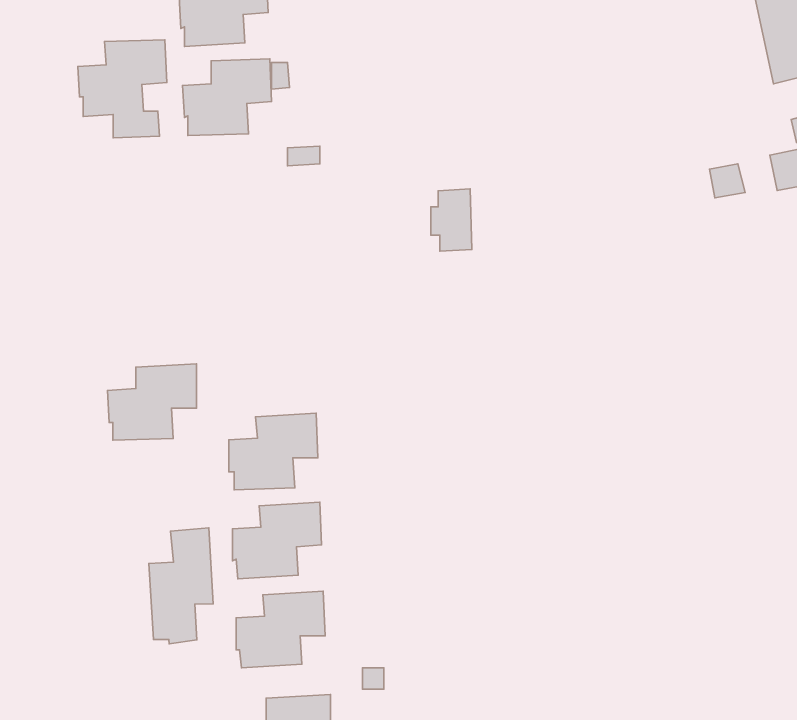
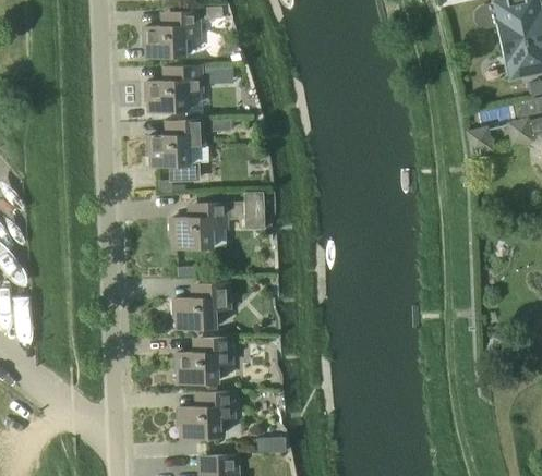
building: [78,40,167,138] -> [150,120,205,180]
building: [431,189,472,251] -> [241,191,266,229]
building: [107,364,196,440] -> [173,202,228,248]
building: [149,528,213,644] -> none

